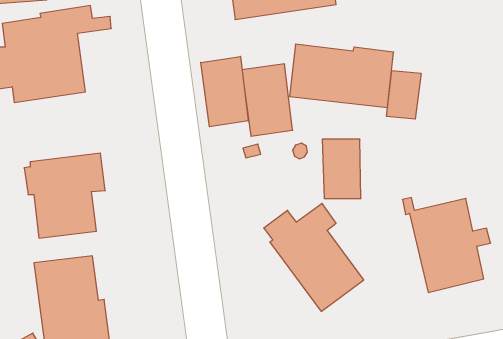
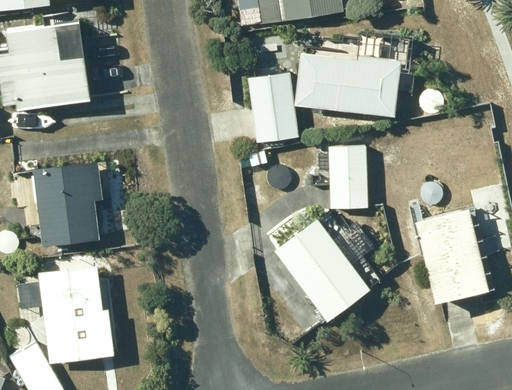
building: [201,56,248,127] -> none
building: [387,71,421,119] -> none

